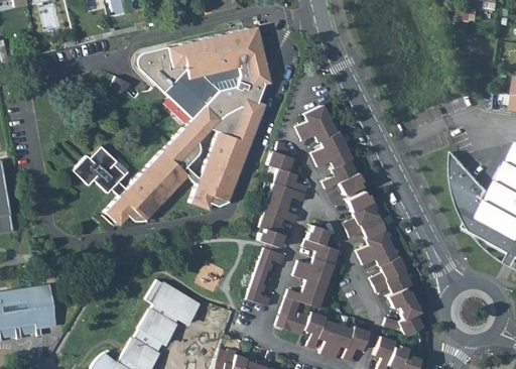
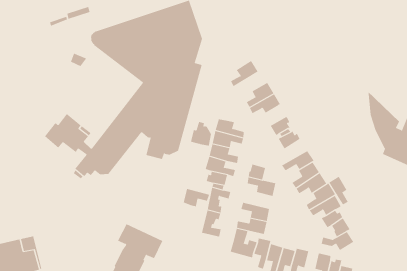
building: [299,118,338,142] -> none
building: [267,141,293,171] -> [190,121,212,146]
building: [324,159,358,189] -> none
building: [344,202,378,230] -> none
building: none -> [183,188,210,207]
building: none -> [328,176,349,205]
building: [297,258,334,279] -> none

